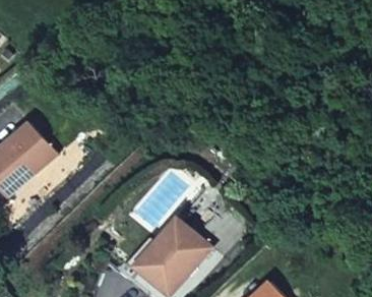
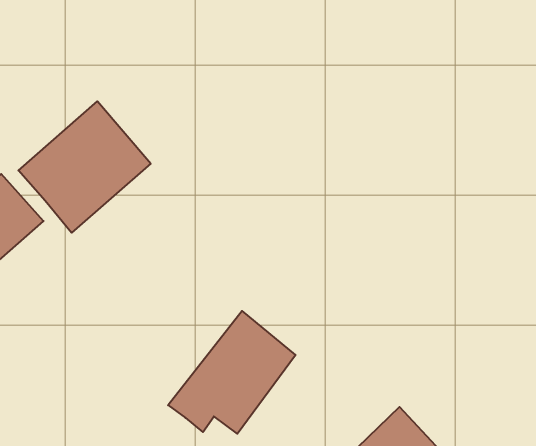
building: none -> [18,101,151,233]

